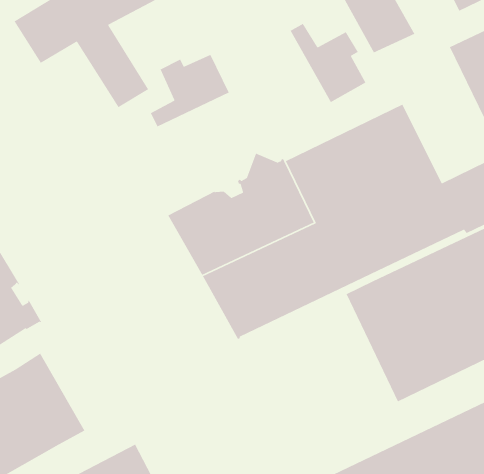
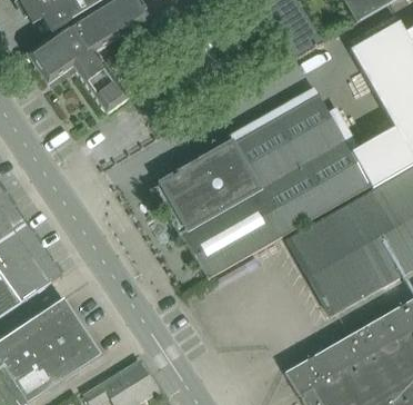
building: [290,23,366,103] -> none
building: [150,54,230,128] -> none

